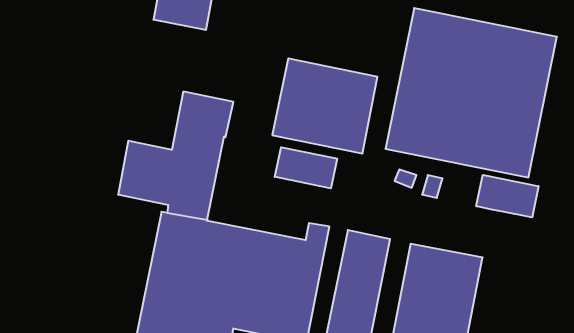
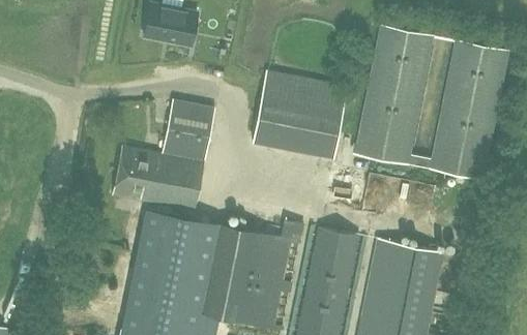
building: [275,147,337,188] -> none
building: [476,175,539,217] -> none

